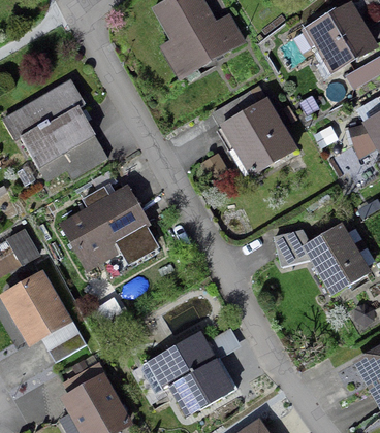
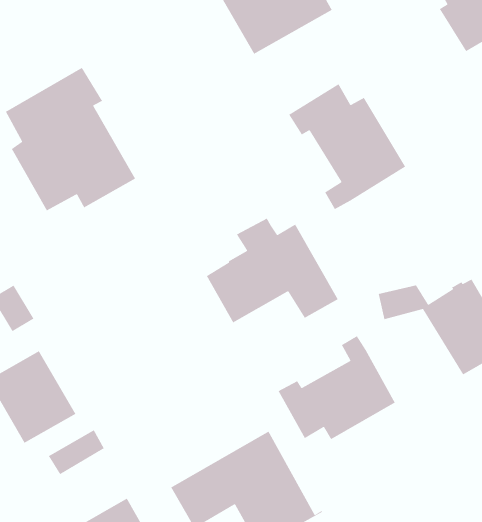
building: [64,186,156,259] -> [206,218,339,323]
building: none -> [278,335,396,440]

